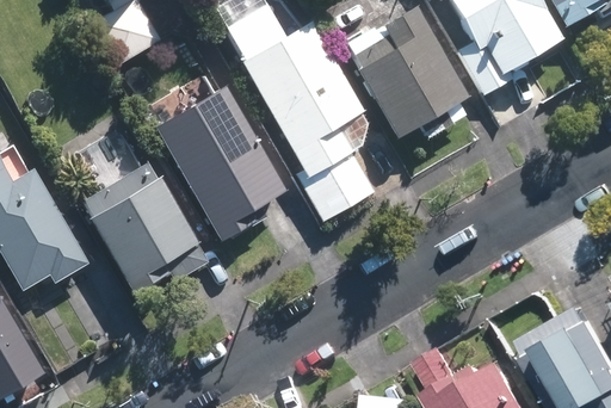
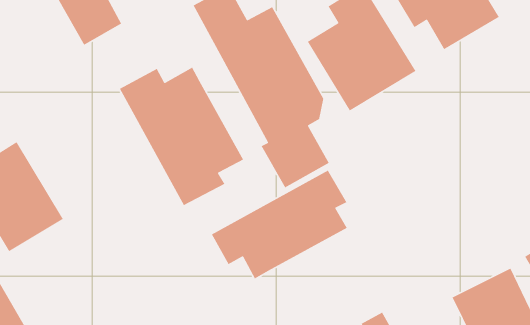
building: [78,136,199,286] -> none
building: none -> [211,169,348,279]

